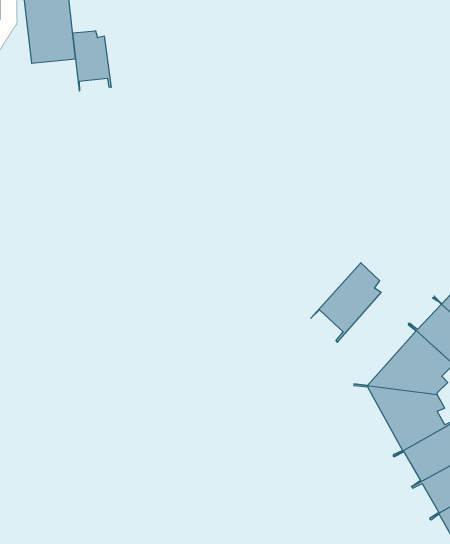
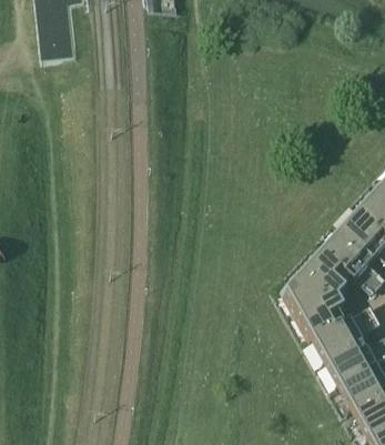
building: [73,31,111,91] -> none
building: [311,263,381,342] -> none

